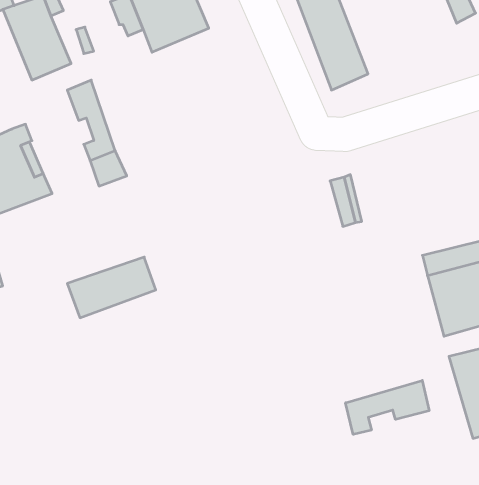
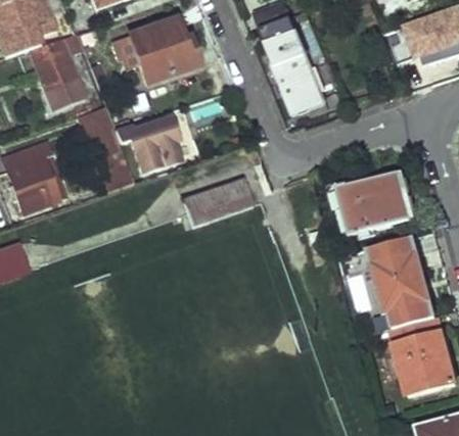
building: none -> [113,119,175,171]
building: none -> [335,173,407,236]
building: [67,257,156,318] -> [179,177,250,226]
building: [346,380,429,434] -> none

